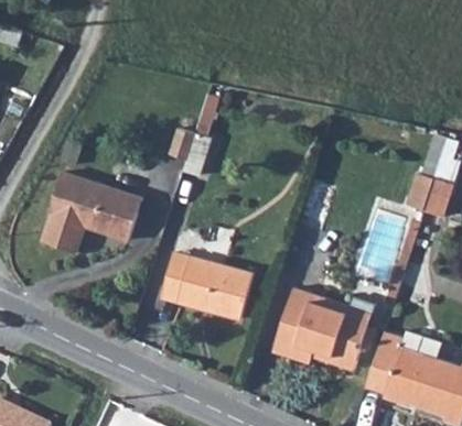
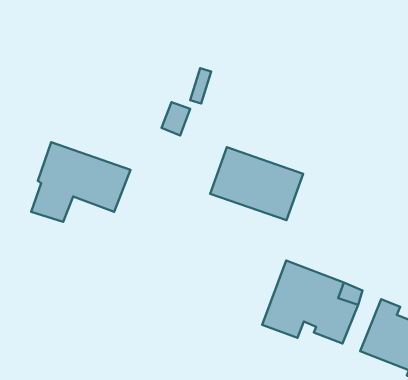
building: [155,252,248,325] -> [210,147,303,220]

